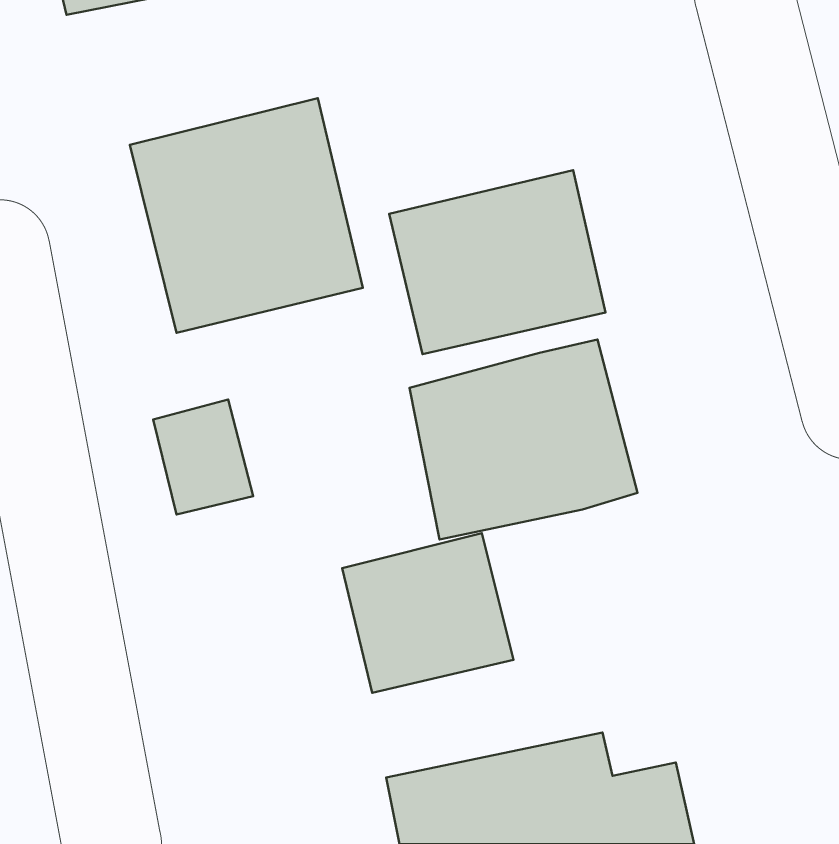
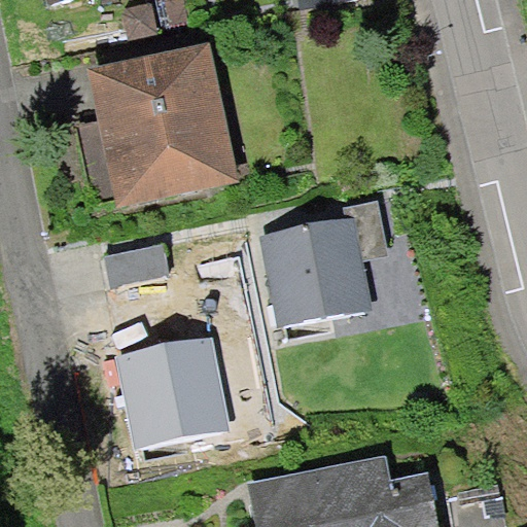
building: [389,170,605,354] -> none
building: [342,533,514,693] -> [121,345,227,444]

